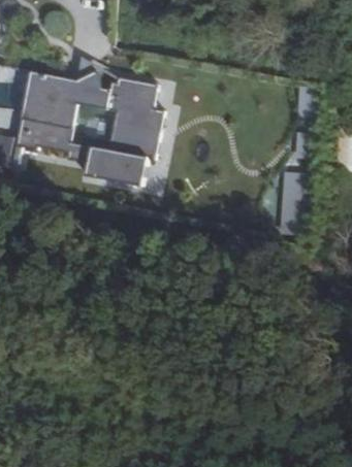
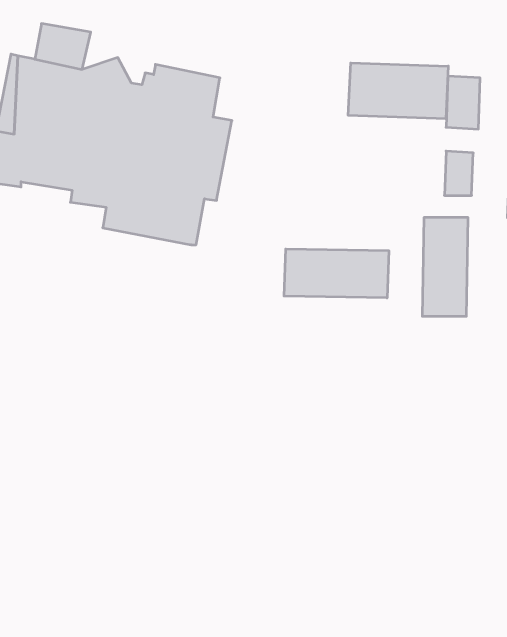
building: none -> [348,63,448,119]
building: none -> [284,249,389,298]

